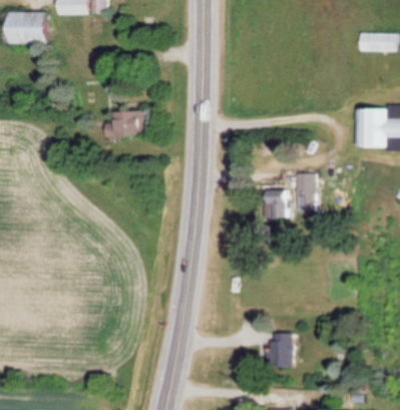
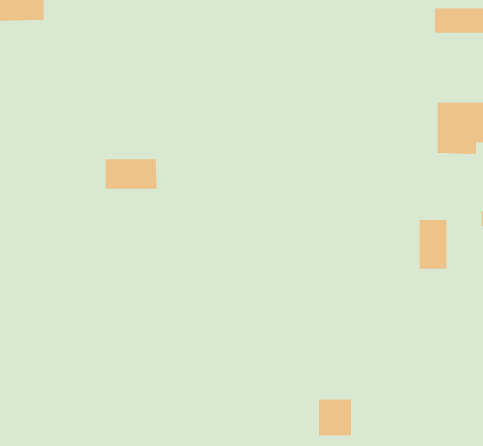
building: [106,111,147,135] -> [105,159,158,190]
building: [292,174,314,214] -> [419,219,447,269]
building: [272,190,288,217] -> none

